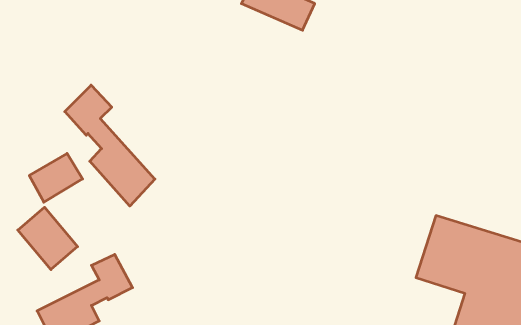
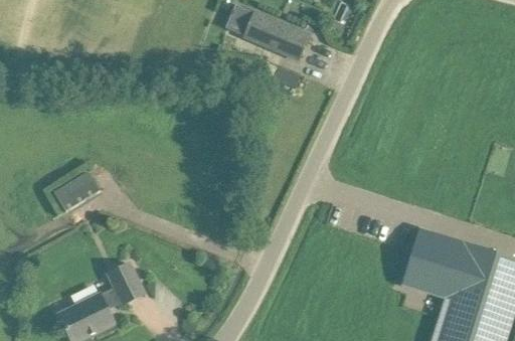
building: [65,85,155,206] -> none
building: [18,207,78,270] -> none

